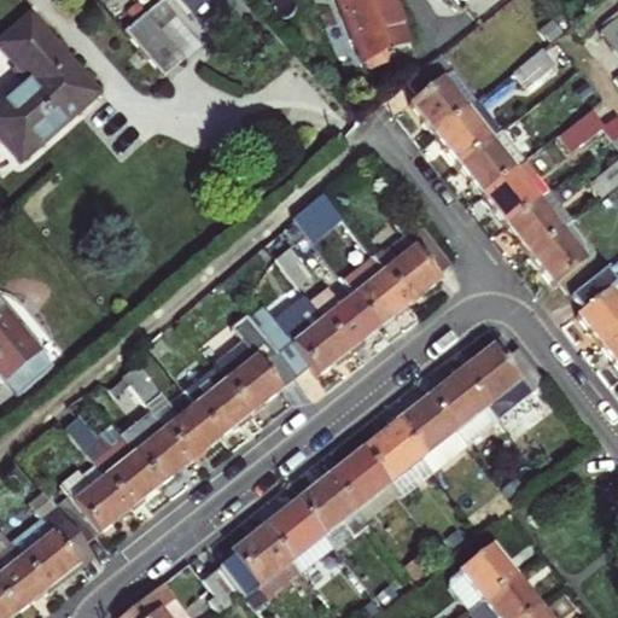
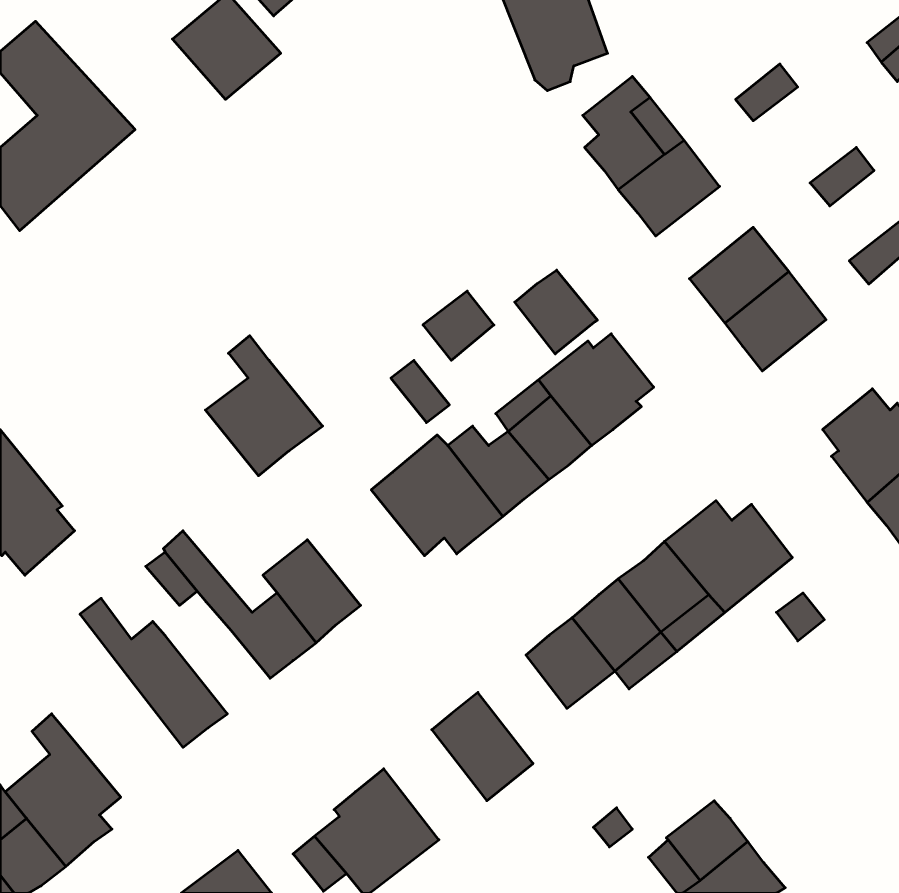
building: [451,127,518,190] -> none
building: none -> [515,270,597,354]
building: [524,217,599,292] -> none
building: [215,316,295,412] -> [205,336,323,476]
building: [118,409,190,485] -> none
building: [331,445,401,519] -> none
building: [53,460,130,542] -> none
building: [267,496,337,571] -> none

